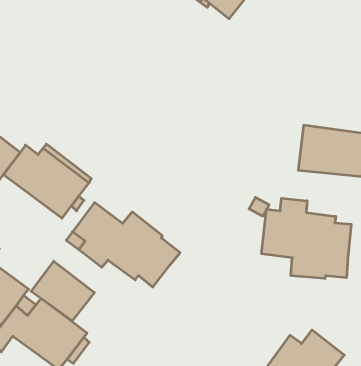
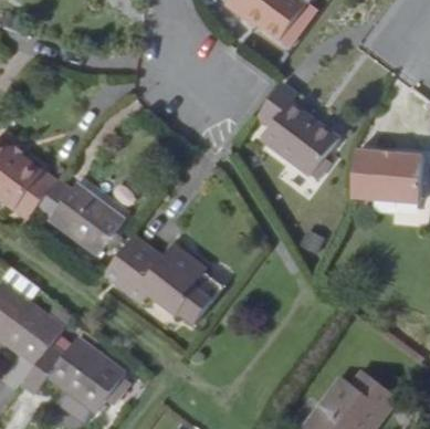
building: none -> [259,87,337,179]
building: [262,198,351,279] -> none
building: [31,261,94,321] -> none

